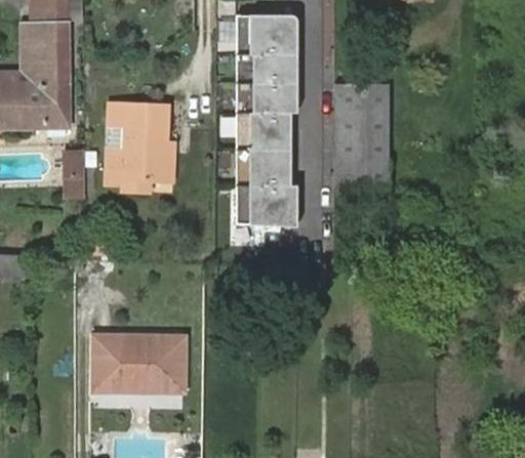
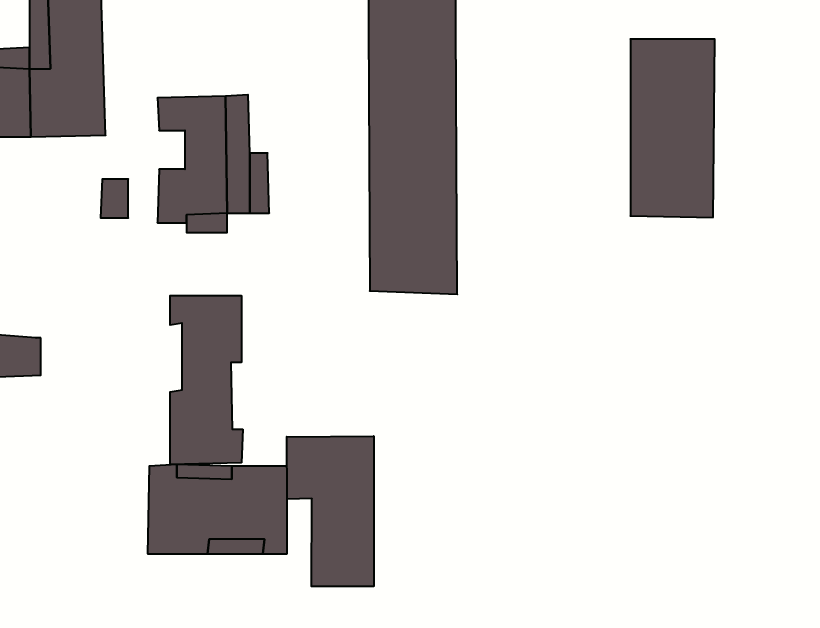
building: [336,85,390,198] -> [630,39,715,217]
building: none -> [170,296,243,465]
building: none -> [287,436,374,586]

